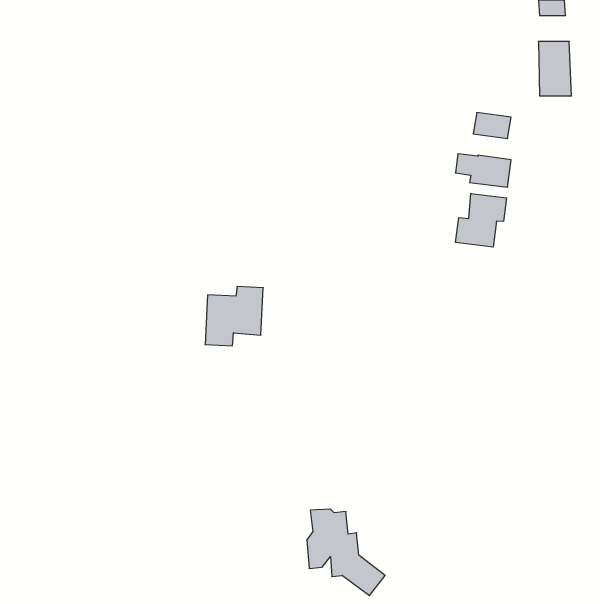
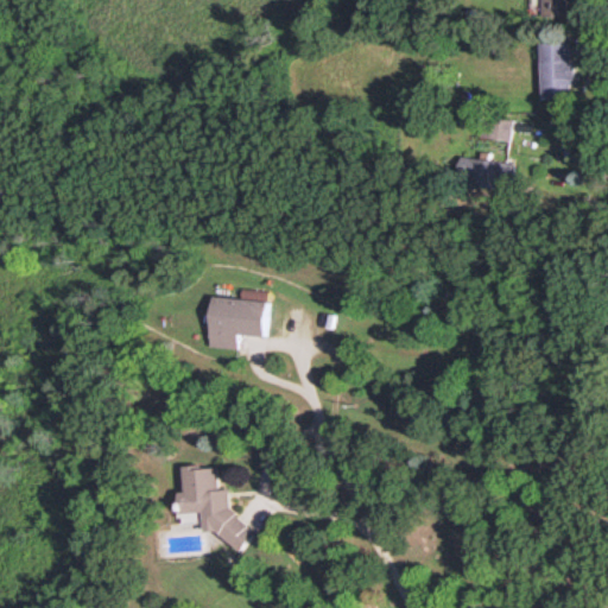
building: [456,193,507,247] -> none
building: [307,509,385,596] -> [175,464,253,551]

